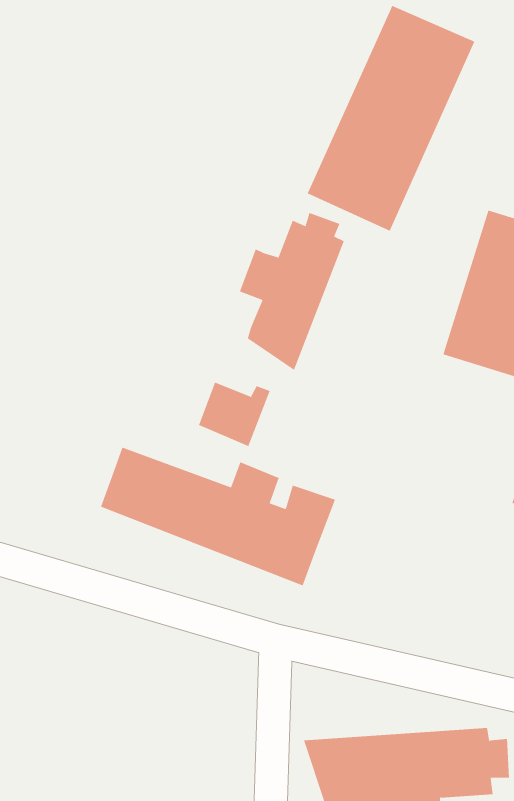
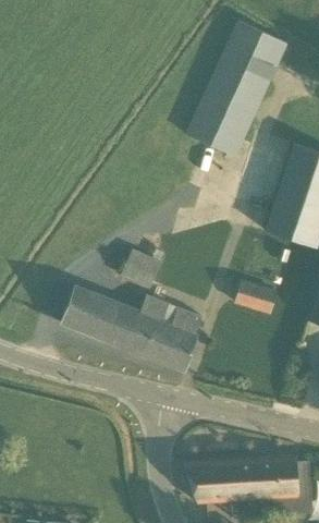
building: [239,212,345,371] -> none
building: none -> [236,280,277,313]

